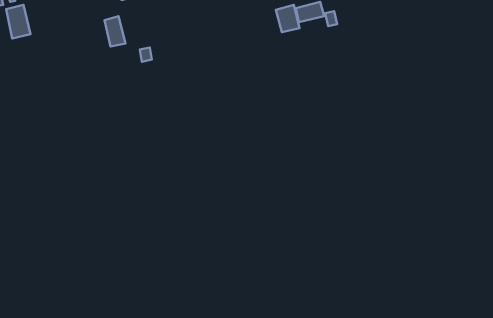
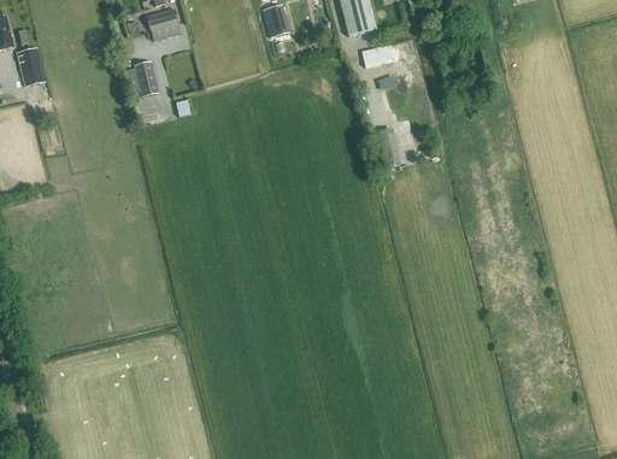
building: [276,5,299,32] -> none

